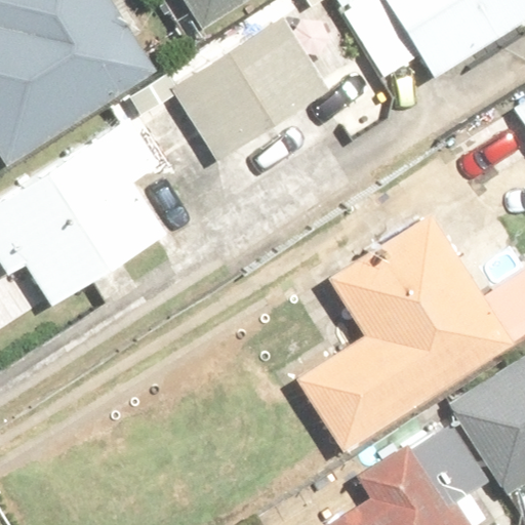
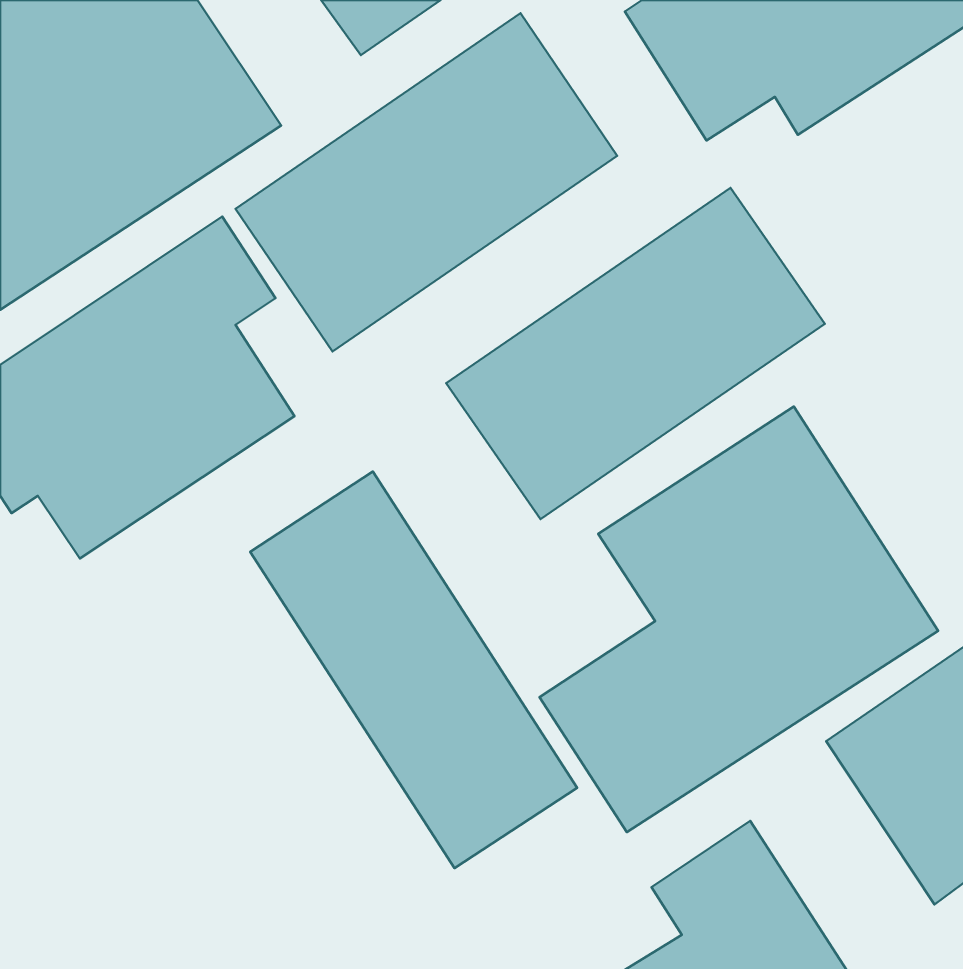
building: none -> [446,188,825,519]
building: none -> [250,472,577,868]

